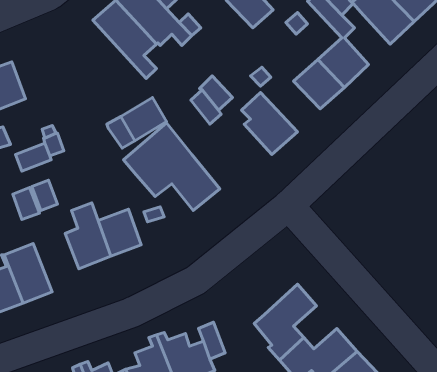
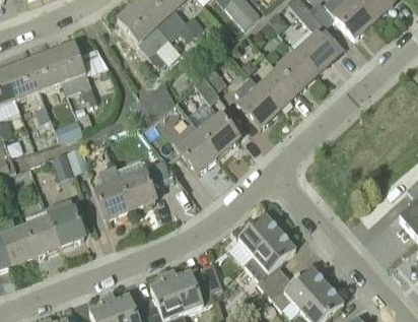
building: none -> [52,44,96,104]
building: none -> [251,68,298,109]
building: none -> [196,114,238,154]
building: none -> [238,214,280,255]

